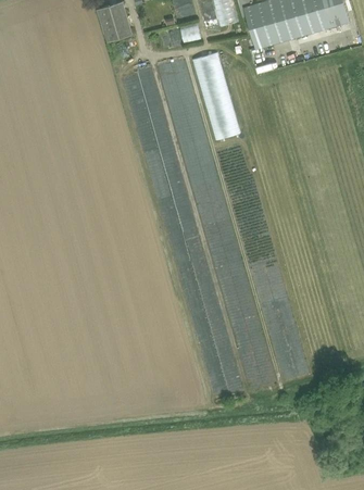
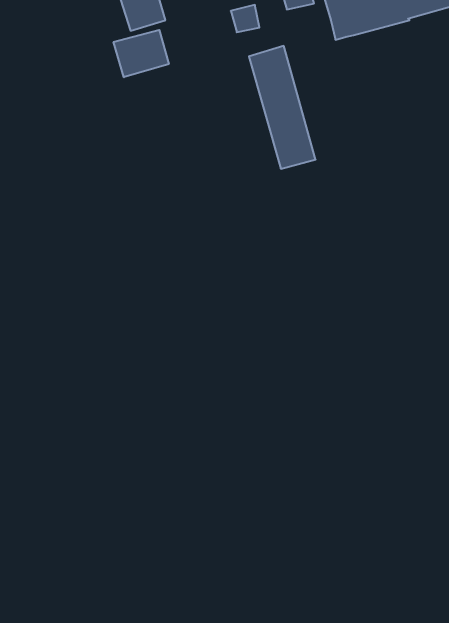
building: none -> [114,30,169,77]

